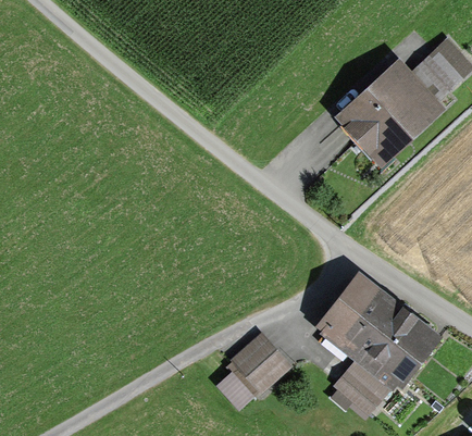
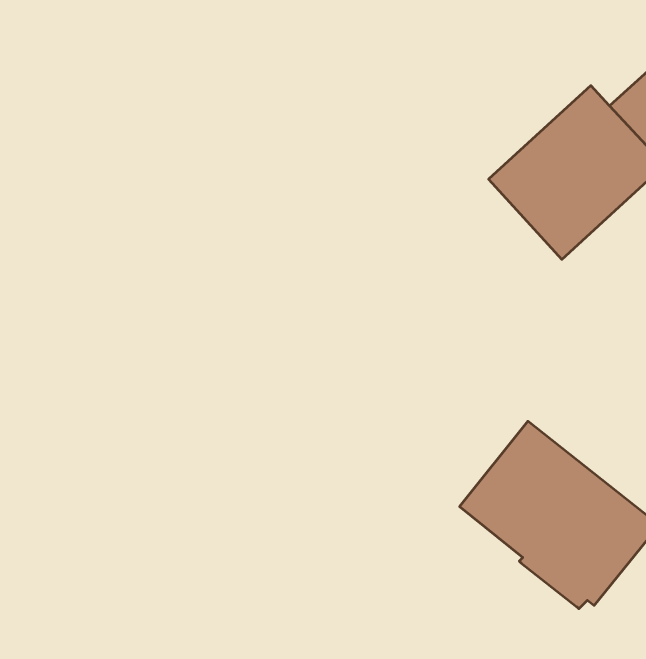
building: [215,333,293,412] -> none
building: [330,362,390,416] -> none

